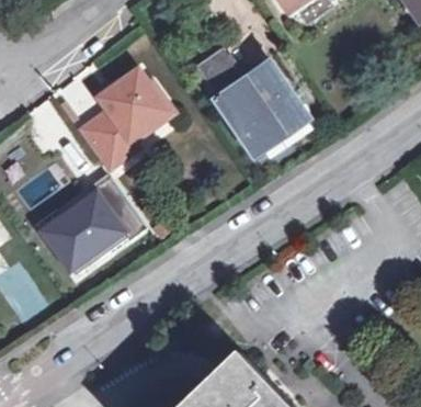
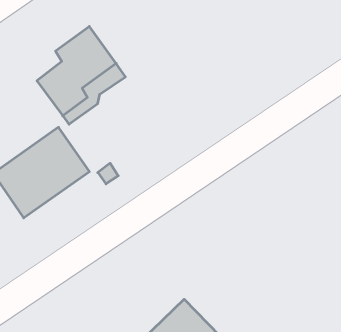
building: [192,46,306,163] -> none

